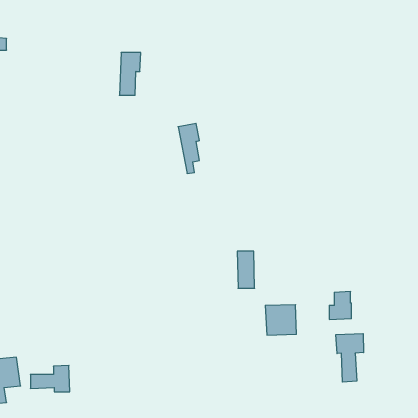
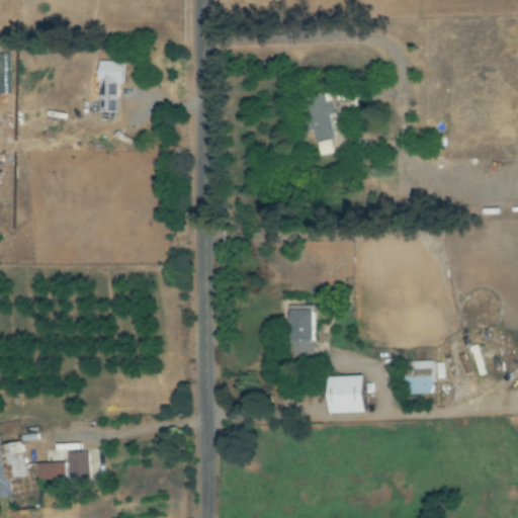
building: [119,53,141,95] -> [96,60,122,112]
building: [178,123,199,173] -> [307,91,333,153]
building: [336,334,364,382] -> none

